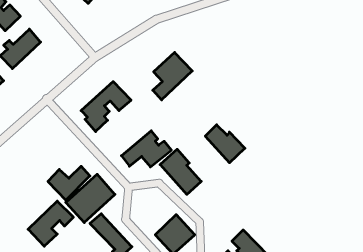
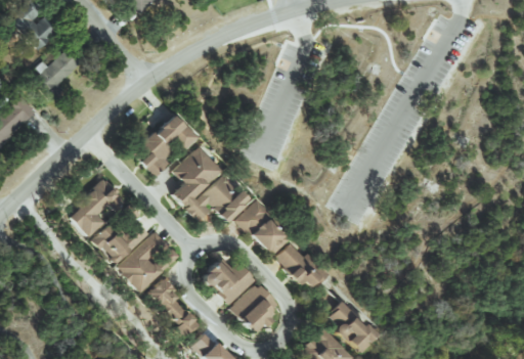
building: [153,52,192,100] -> [172,145,222,206]
building: [205,125,245,163] -> [275,242,325,290]
building: none -> [202,255,254,304]
building: [28,201,73,246] -> [68,179,125,236]

